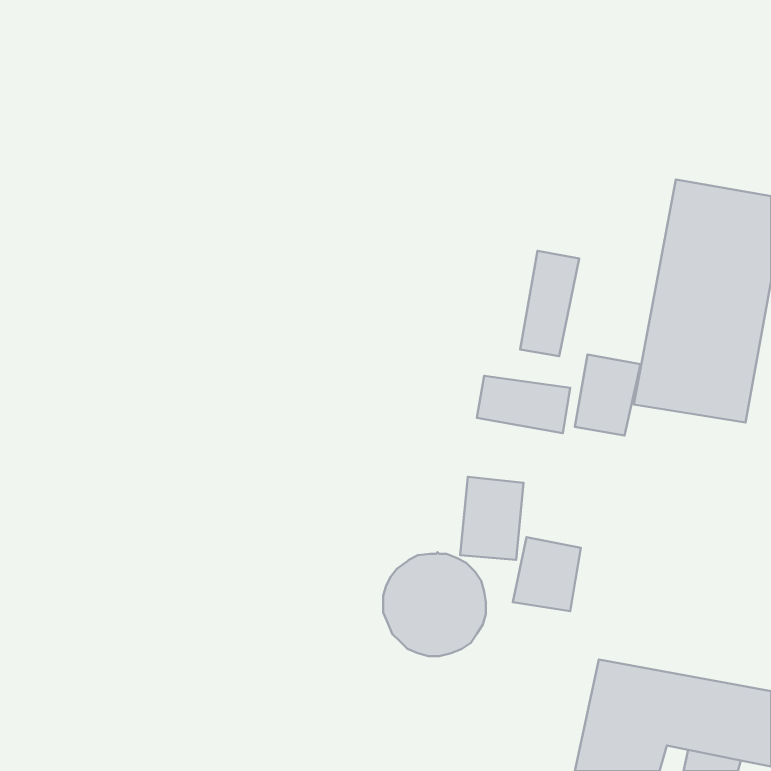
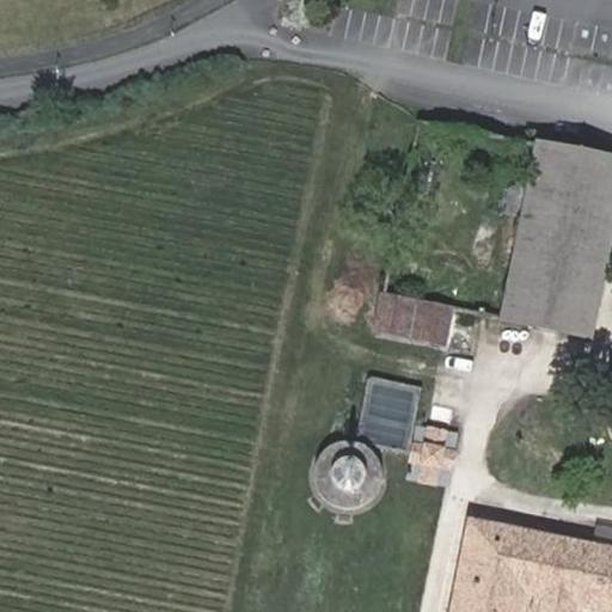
building: [520,251,579,356] -> none
building: [575,354,641,435] -> none

